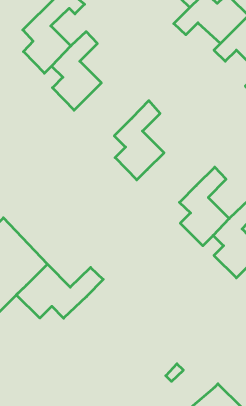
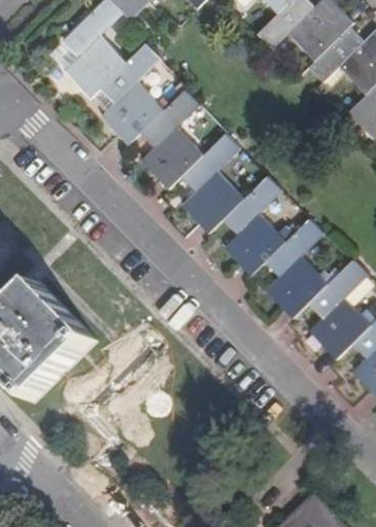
building: none -> [141,89,204,188]
building: none -> [224,176,286,275]
building: [16,264,103,318] -> none

